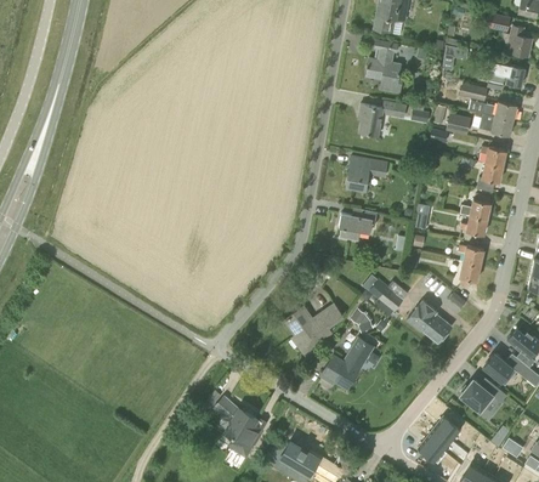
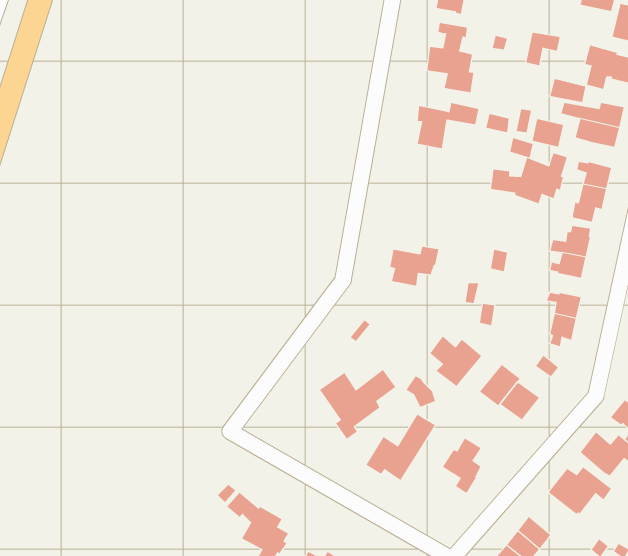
building: none -> [490,153,567,204]
building: [345,157,387,192] -> none
building: none -> [442,438,482,494]

